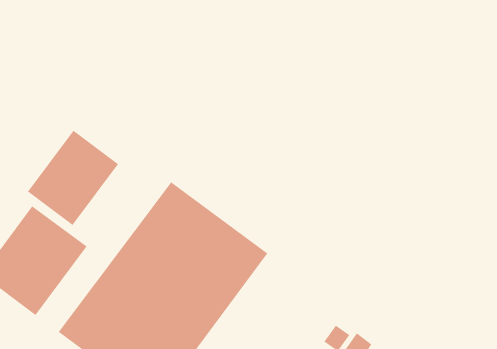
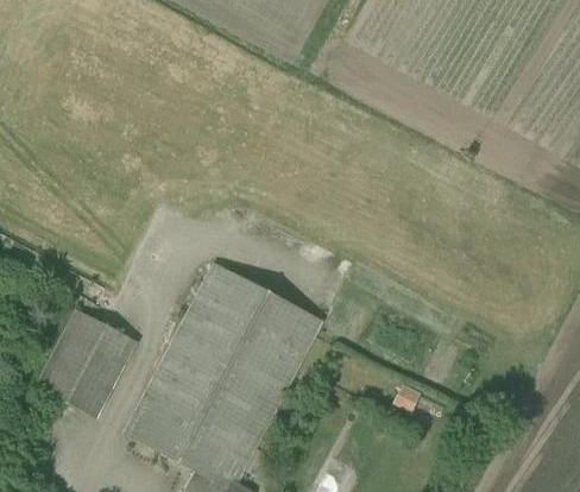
building: [27,130,119,226] -> none

